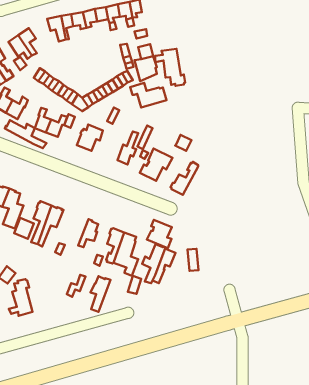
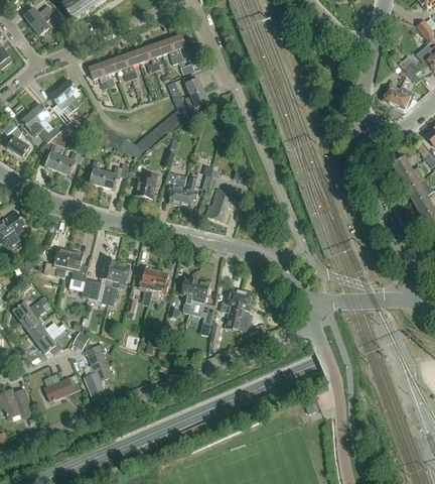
building: [155,49,185,86] -> none
building: [130,83,167,107] -> none
building: [5,120,46,148] -> none
building: none -> [165,172,187,205]
building: [171,162,198,195] -> none
building: [147,220,172,248] -> none
building: [91,276,111,312] -> [139,268,158,306]

